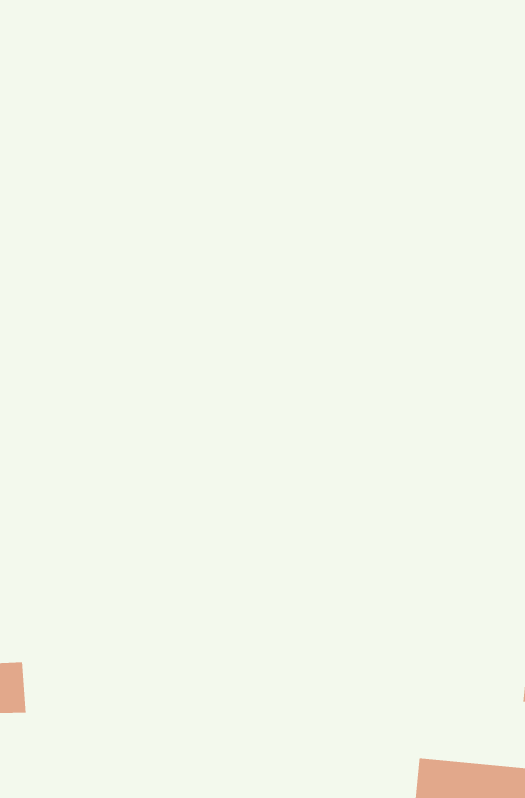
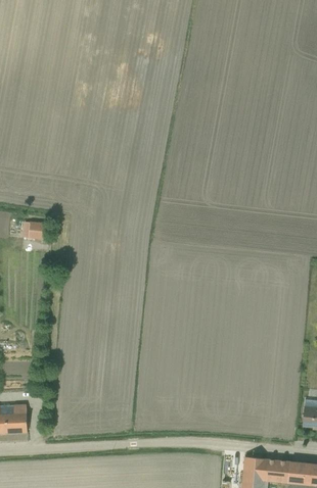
building: none -> [21,223,49,241]

